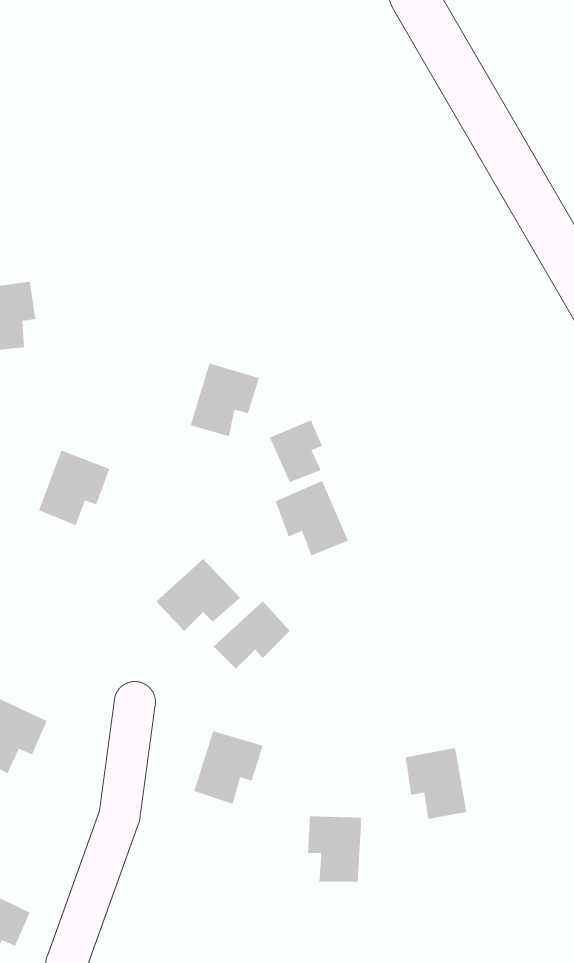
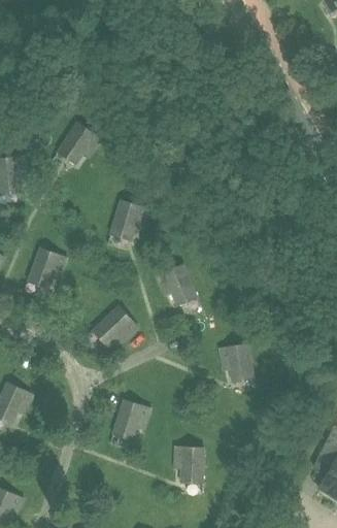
building: none -> [57,123,100,164]
building: [269,420,323,483] -> none
building: [213,601,291,669] -> none
building: [405,748,467,820] -> [218,343,252,383]

